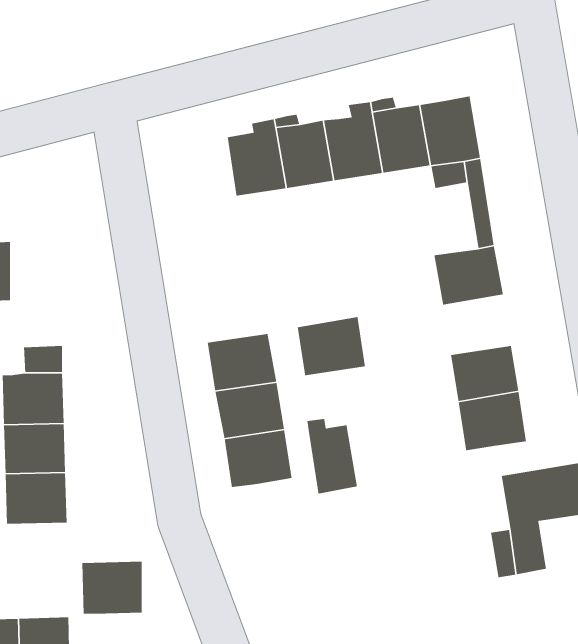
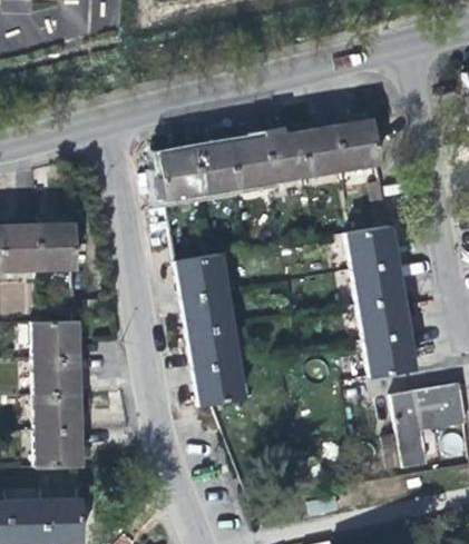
building: none -> [158,149,203,199]
building: none -> [39,224,76,268]
building: none -> [353,264,403,307]
building: [297,316,366,376] -> [176,255,226,298]
building: [306,418,358,494] -> none
building: [81,561,143,615] -> [36,429,80,468]

